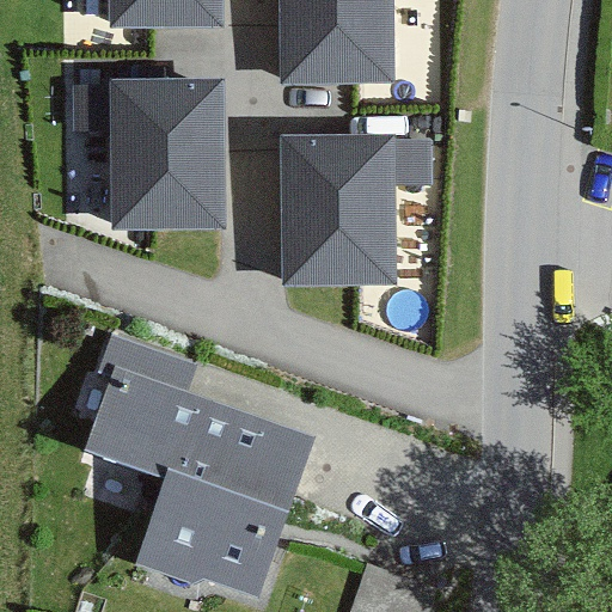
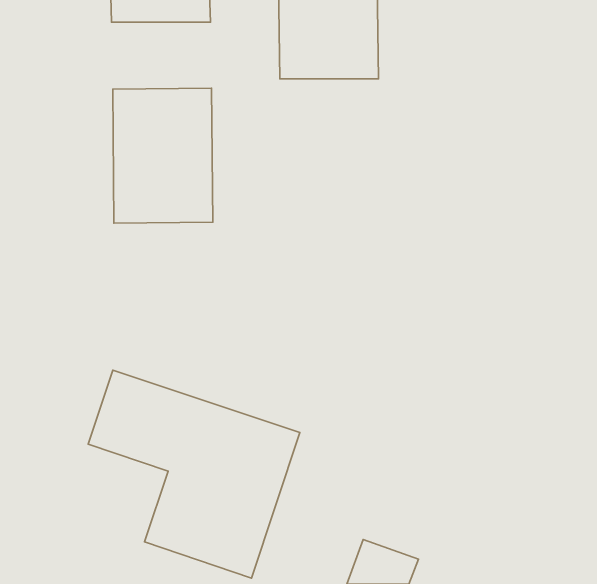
building: [286,148,387,284] -> none

